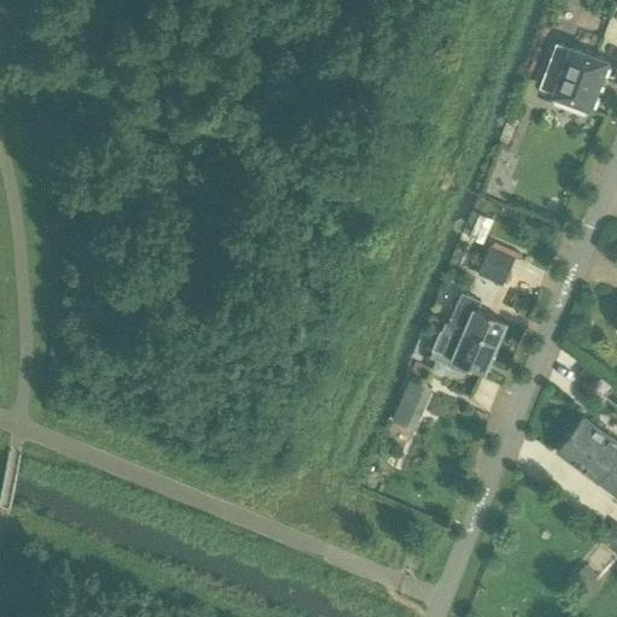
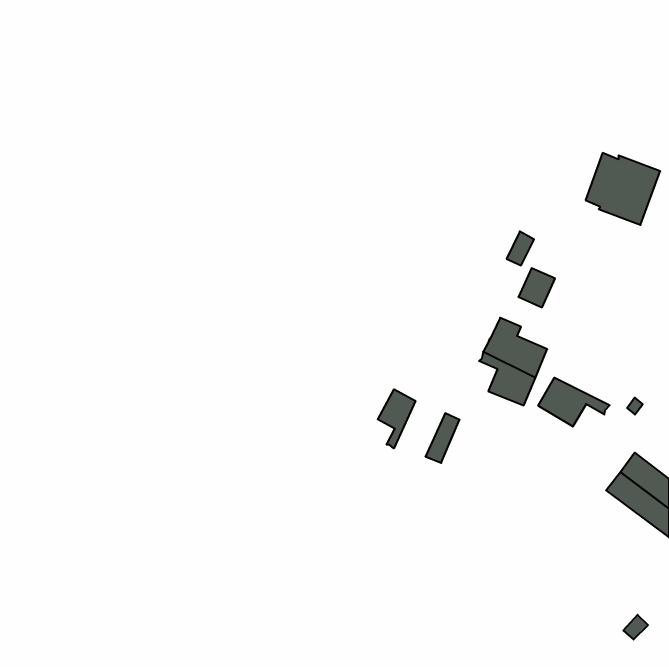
building: [541,45,610,111] -> [586,153,660,225]
building: none -> [538,378,610,427]
building: none -> [378,389,415,448]

